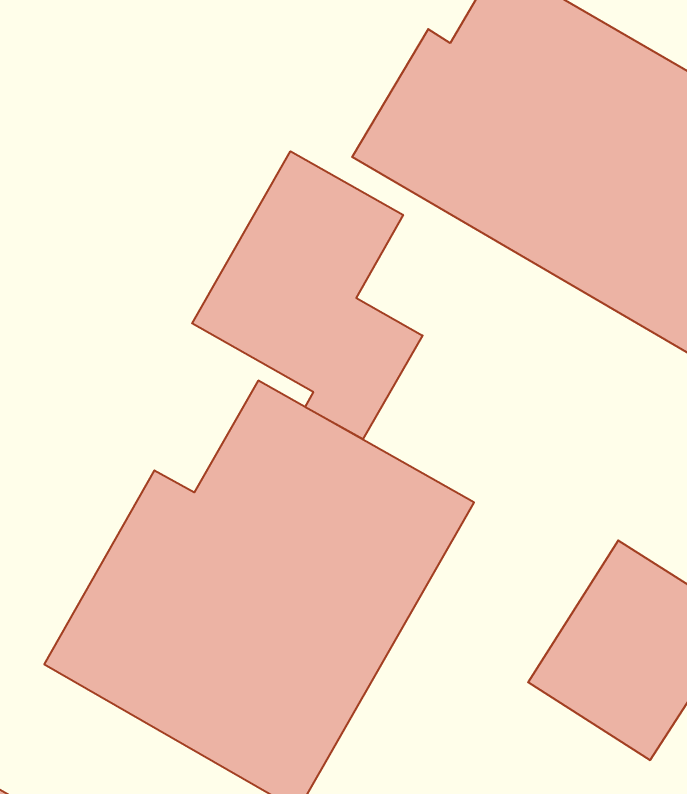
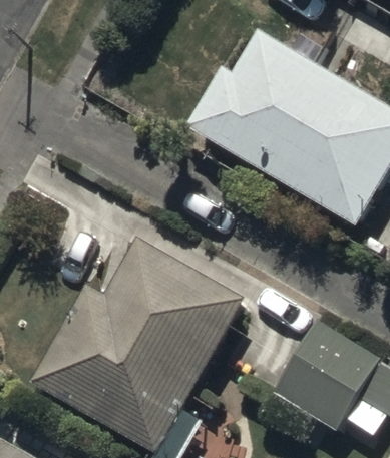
building: [192,151,423,439] -> none

